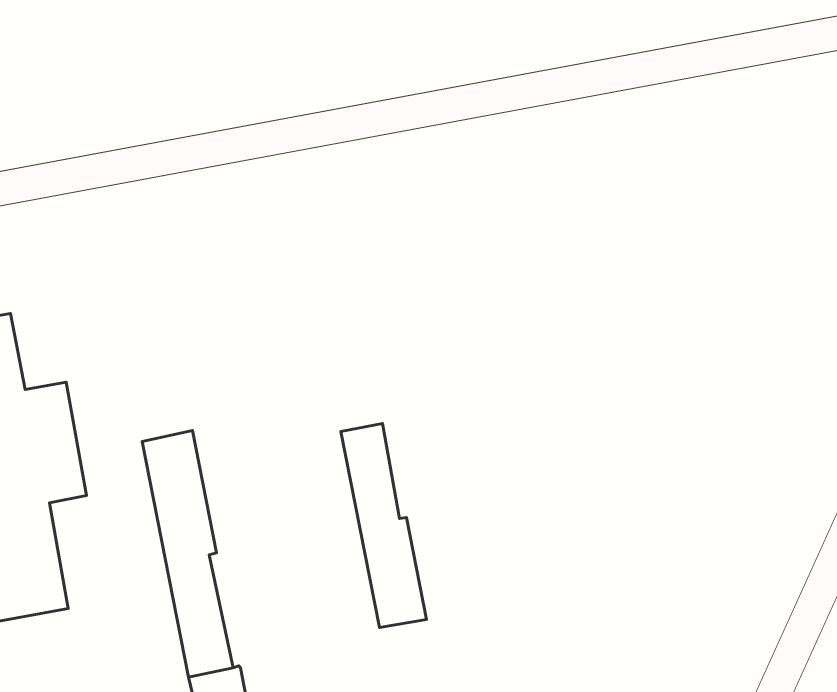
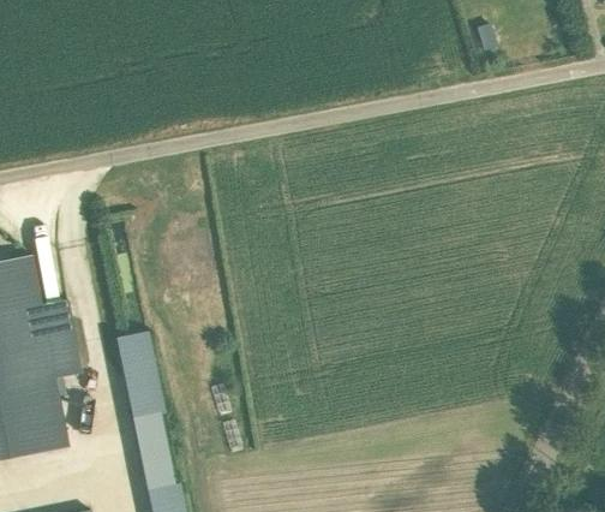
building: [341,424,427,628] -> none

